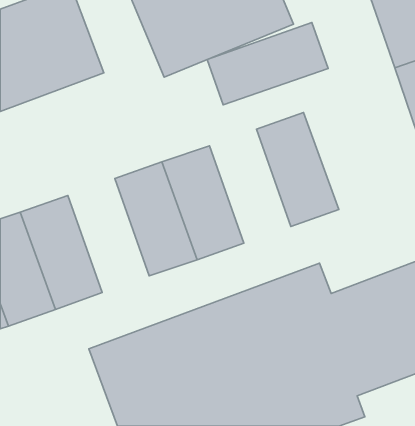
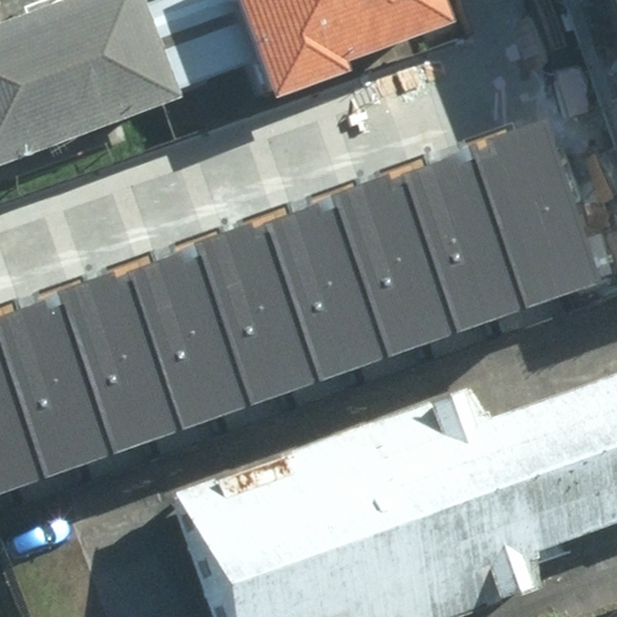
building: [207,23,328,105] -> none
building: none -> [456,137,574,301]
building: none -> [321,186,437,349]
building: none -> [117,257,234,421]

